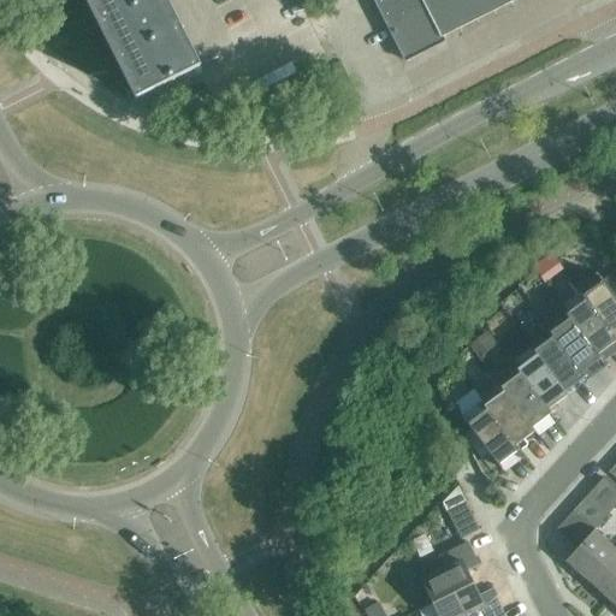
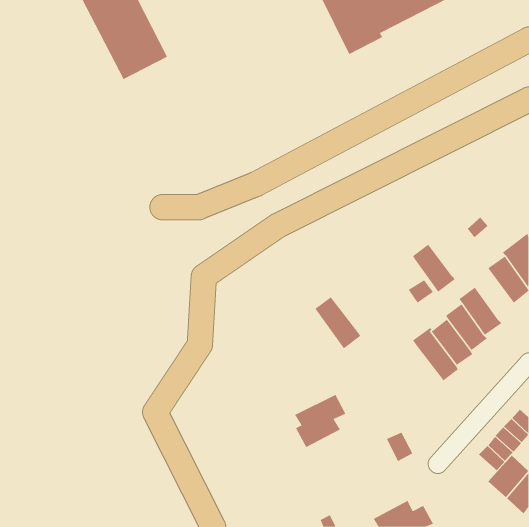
building: [550,315,600,372] -> [412,244,456,293]
building: [463,401,517,462] -> [315,296,361,349]
building: [420,540,480,603] -> [294,394,346,448]

